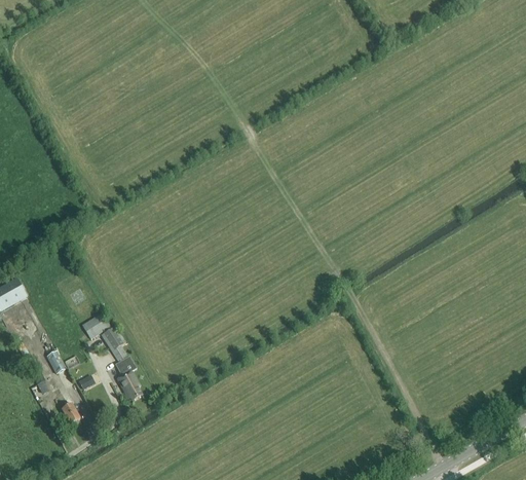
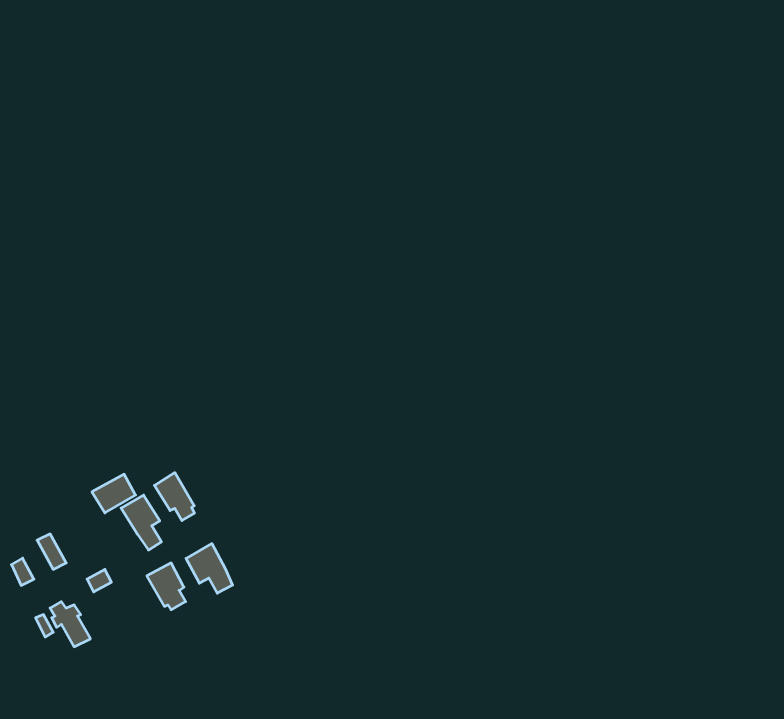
building: none -> [154,473,194,521]
building: none -> [186,544,233,593]

